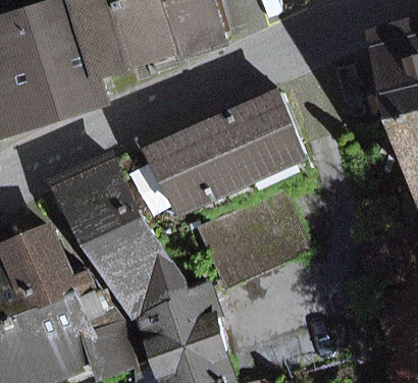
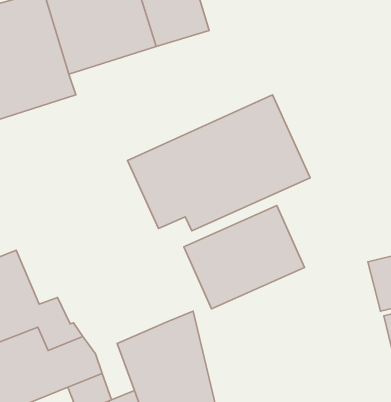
building: [58,161,185,316] -> none

